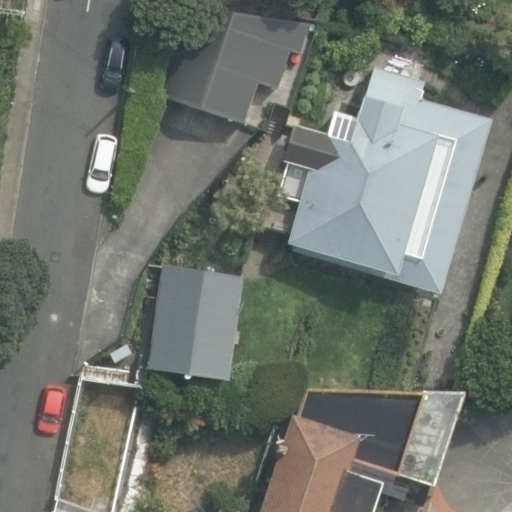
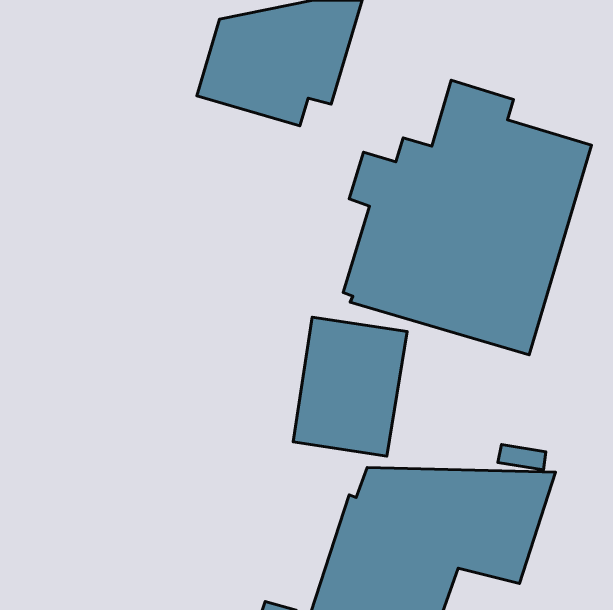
building: [149,266,244,382] -> [293,317,407,456]

